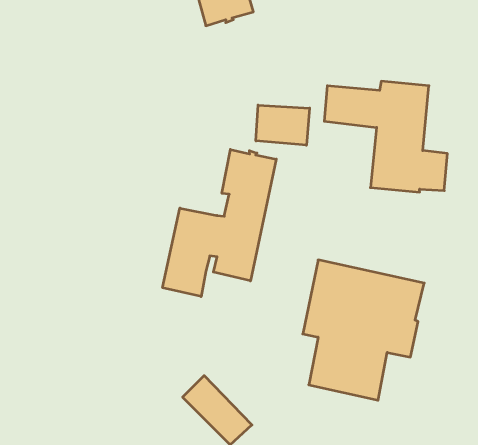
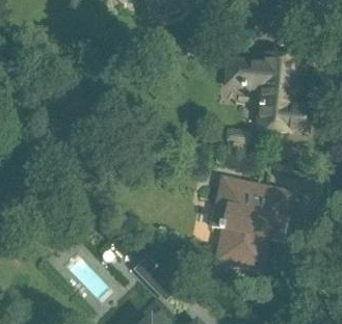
building: [256,105,310,145] -> none
building: [163,149,276,297] -> none

